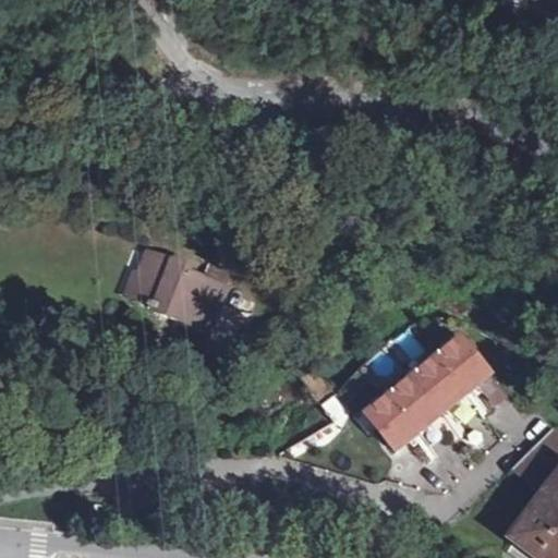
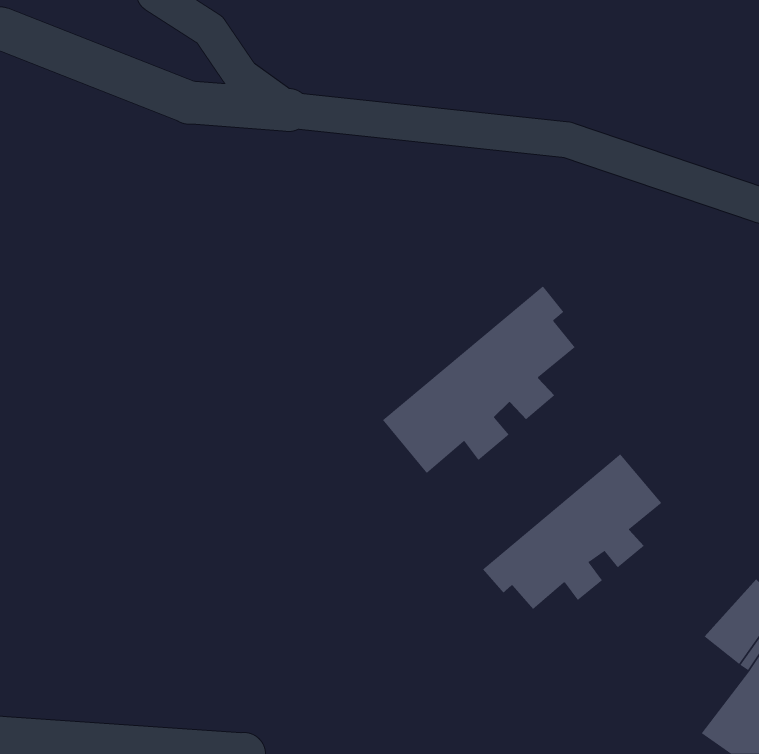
building: none -> [382,285,575,474]
building: [133,248,226,329] -> none

